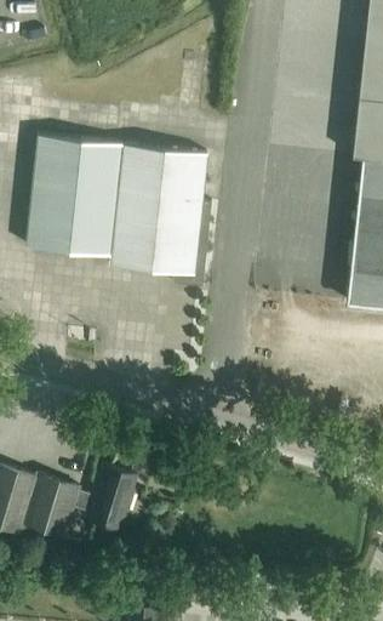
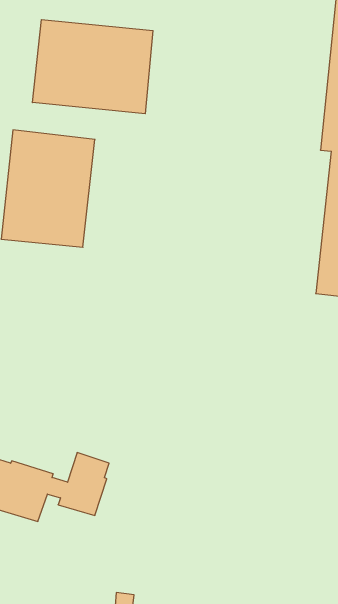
building: none -> [32,20,153,114]
building: [109,144,212,286] -> none

